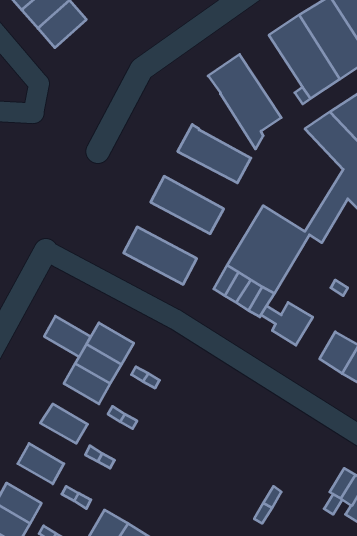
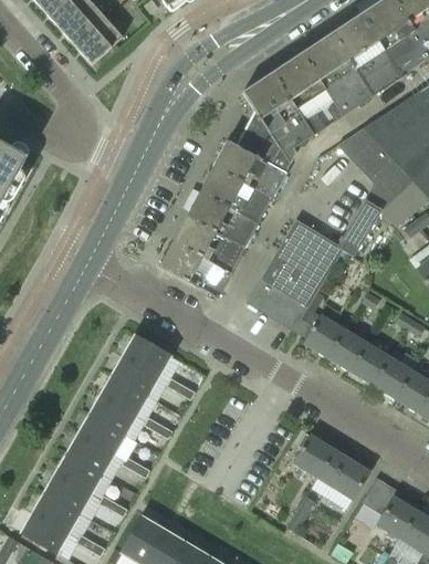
building: none -> [273,53,333,134]
building: none -> [233,111,289,174]
building: none -> [199,167,271,223]
building: none -> [172,217,244,272]
building: [44,316,90,357] -> [90,395,135,435]
building: none -> [328,330,367,370]
building: none -> [66,434,113,473]
building: none -> [294,434,369,499]
building: none -> [44,473,90,512]

